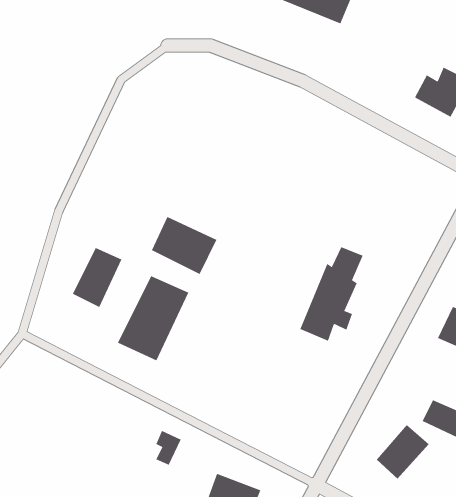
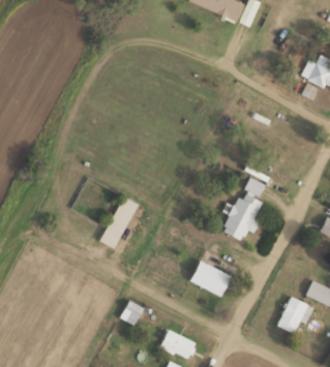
building: [151,216,217,275] -> none
building: [72,247,122,308] -> none
building: none -> [188,259,231,297]

